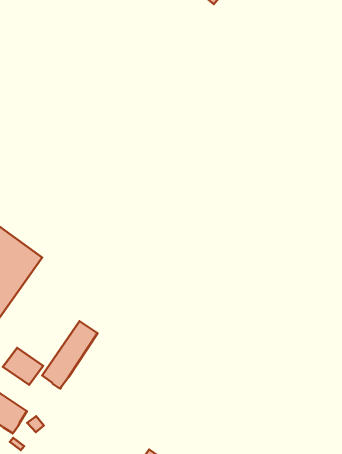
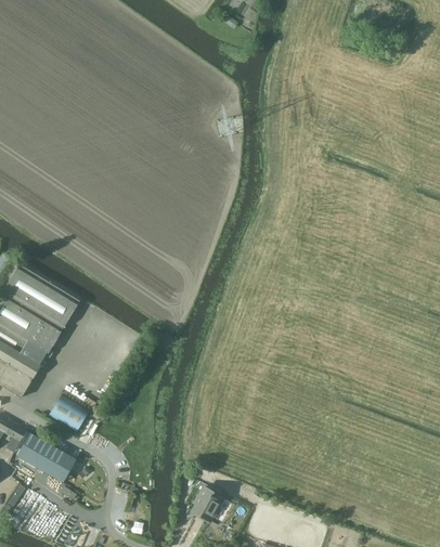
building: [42,321,98,388] -> none

